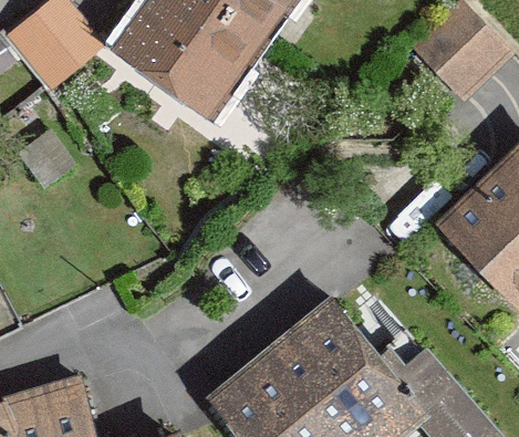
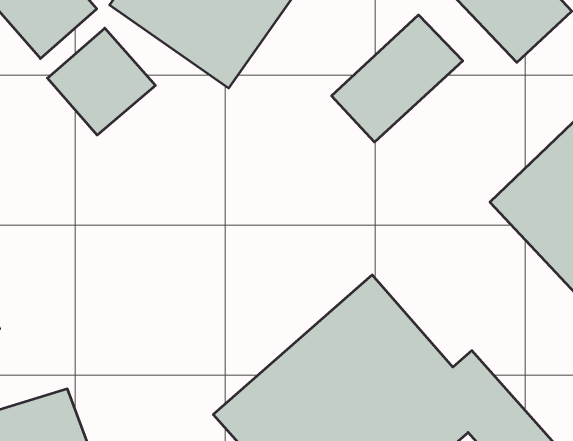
building: none -> [332,15,463,142]
building: none -> [47,28,155,135]

